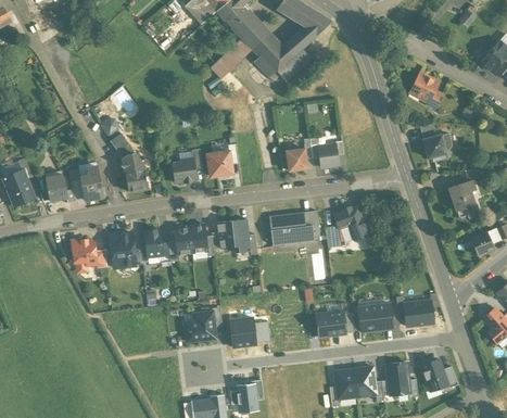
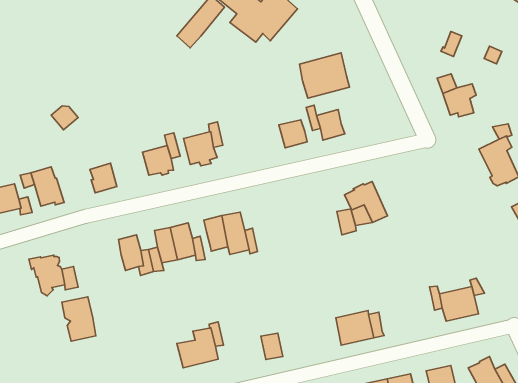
building: [410,73,438,102] -> none
building: none -> [299,53,349,98]
building: [110,134,144,172] -> none
building: [269,210,319,246] -> none
building: [110,232,135,267] -> [62,297,96,341]
building: [357,303,393,331] -> none
building: [229,317,255,346] -> none

